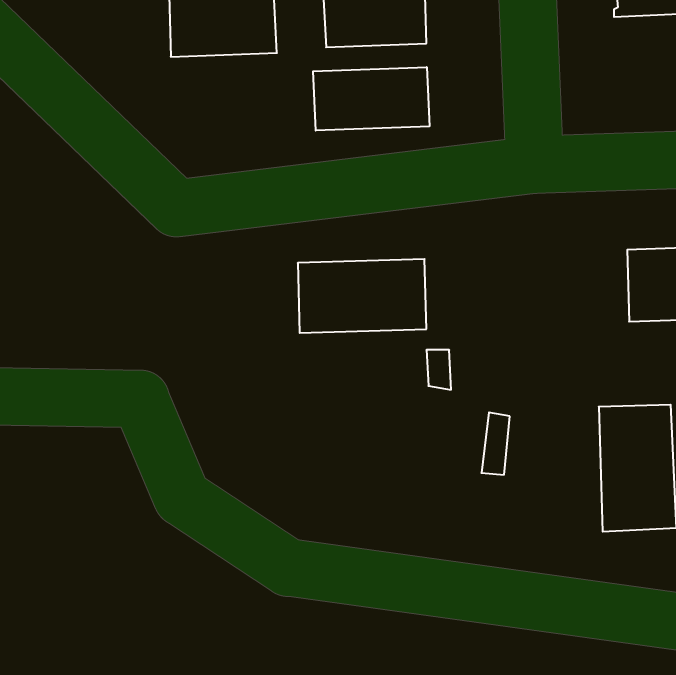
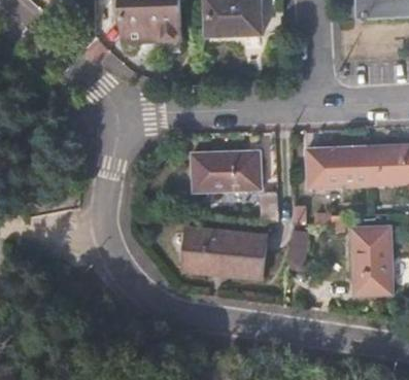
building: [313,67,429,131] -> none
building: none -> [307,145,369,186]
building: none -> [183,231,265,276]

